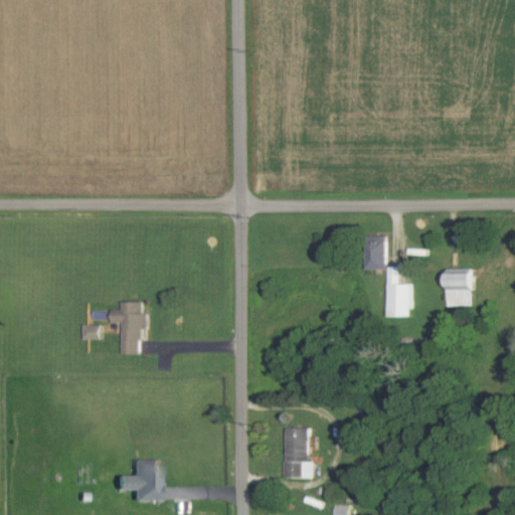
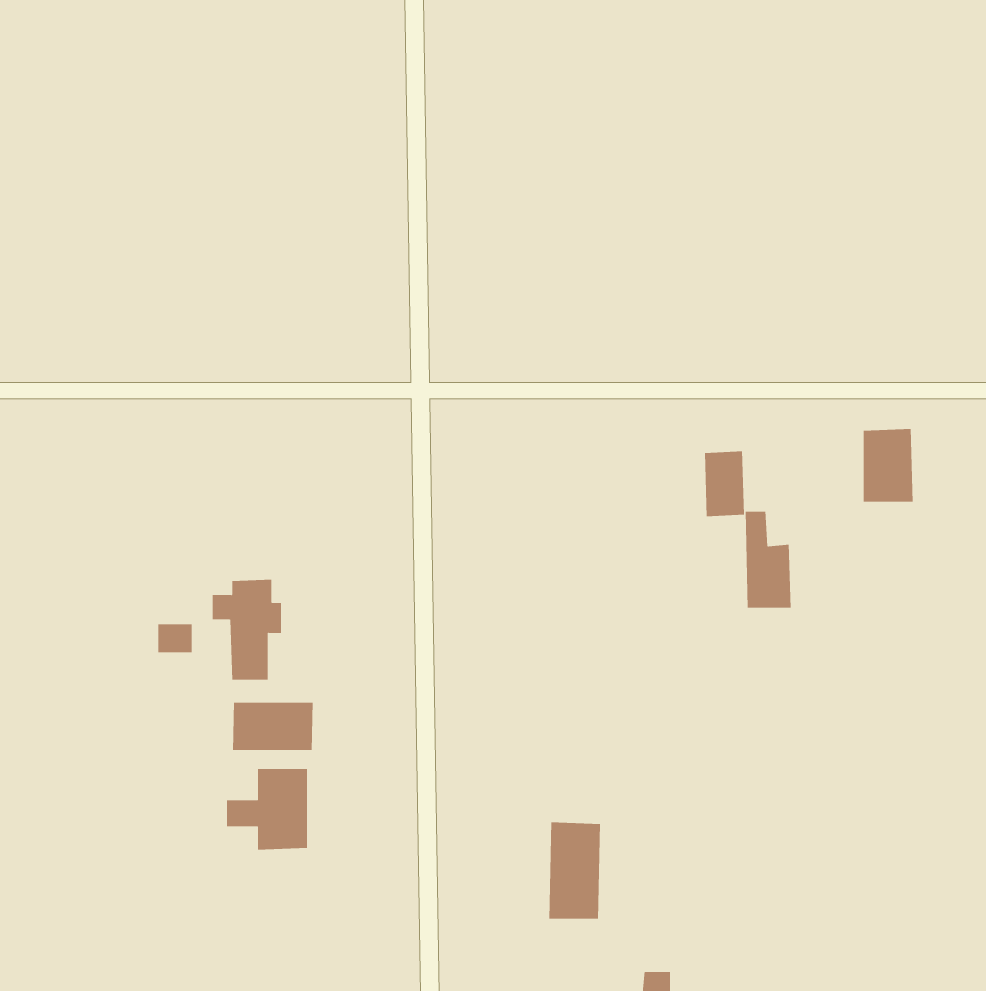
building: [446,268,472,306] -> [863,428,914,502]
building: none -> [233,702,313,751]
building: [114,459,156,501] -> [226,769,308,850]

